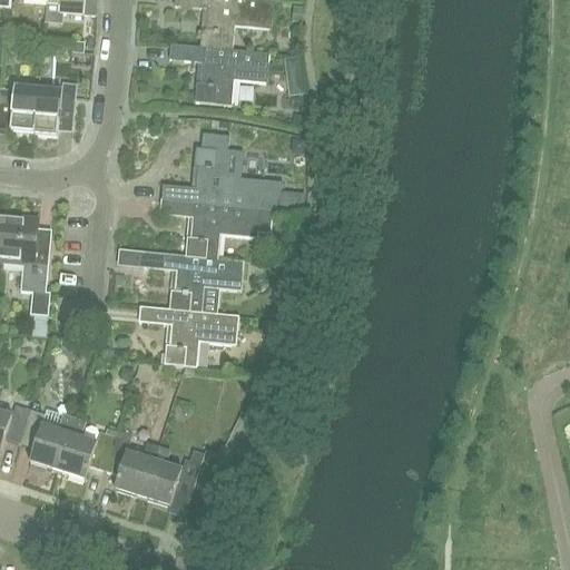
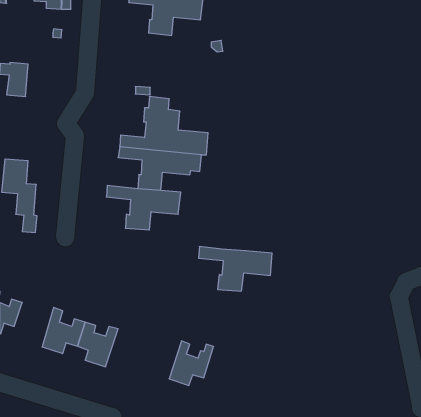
building: [169,42,269,104] -> none
building: [35,80,77,132] -> none
building: [138,305,237,365] -> [199,247,272,291]
building: [19,409,72,469] -> none
building: [142,444,203,504] -> [169,341,214,385]

